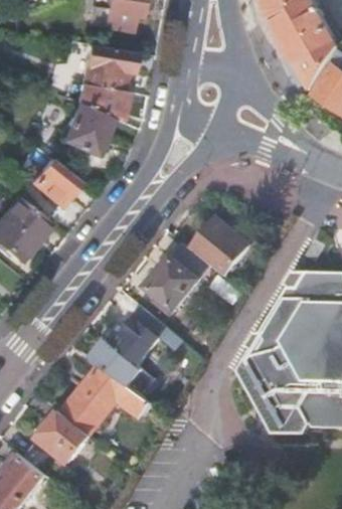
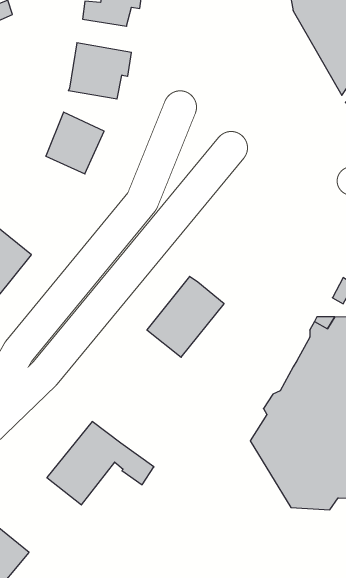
building: [74,84,128,124] -> none
building: [29,159,75,205] -> none
building: [188,215,249,276] -> none
building: [98,308,181,382] -> none
building: [36,410,90,463] -> none

